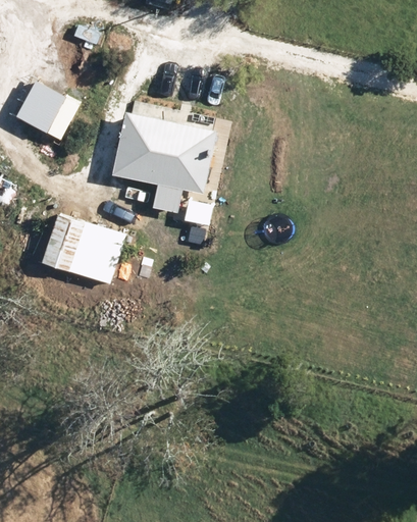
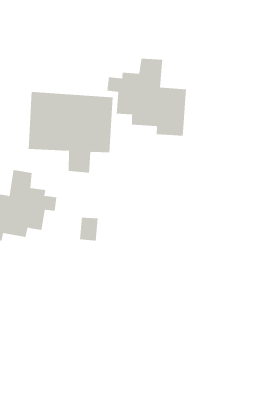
building: none -> [107,58,186,136]

